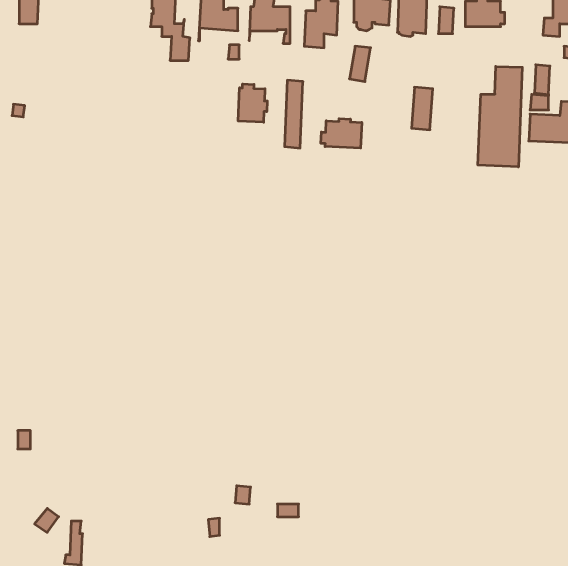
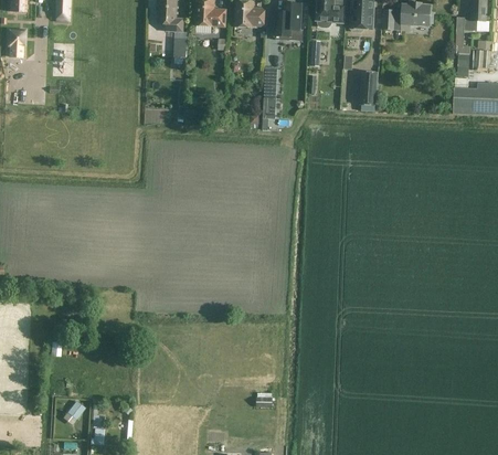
building: [478,66,522,167] -> none
building: [238,84,267,122] -> none
building: [321,119,362,148] -> none

